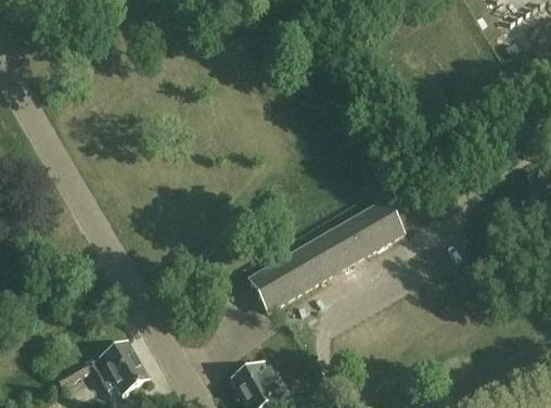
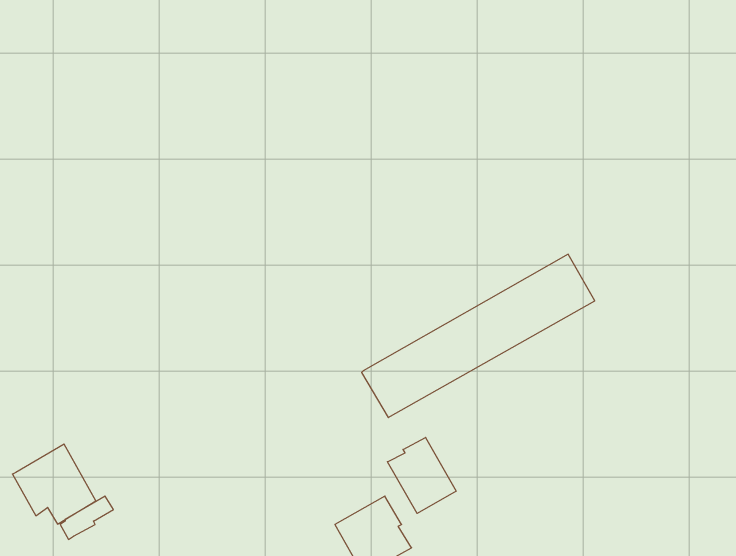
building: none -> [387,437,456,513]
building: [93,341,148,393] -> [12,444,96,524]

